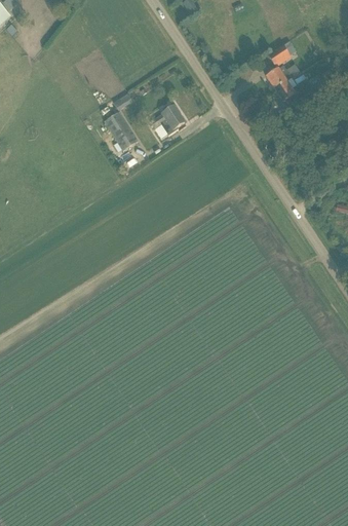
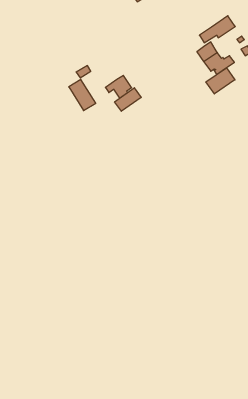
building: none -> [206,68,235,94]
building: none -> [115,88,141,111]

